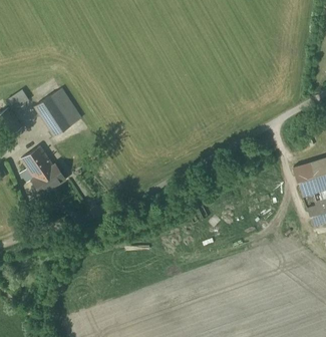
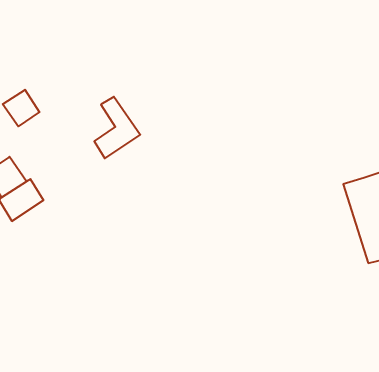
building: [47,88,82,135] -> [94,97,140,158]

